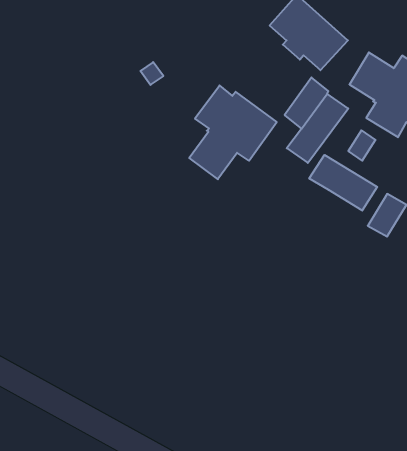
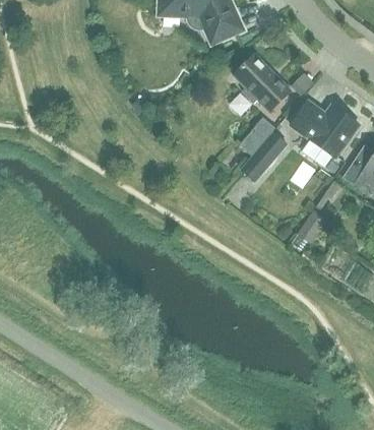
building: [189,85,277,179] -> none
building: [309,155,377,211] -> none

